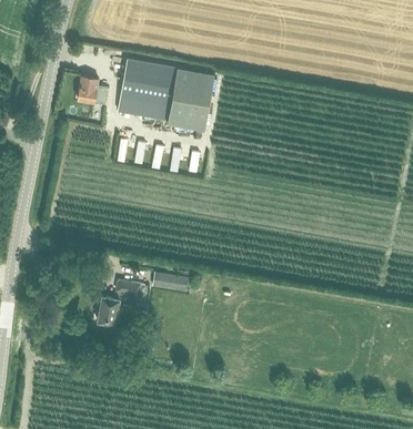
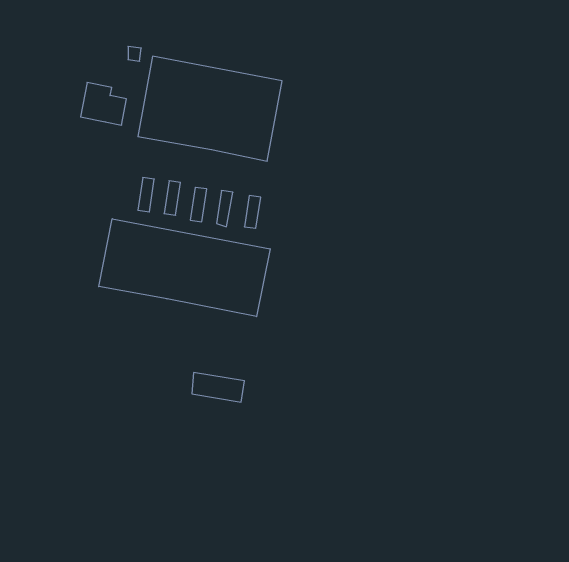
building: none -> [99,219,270,317]
building: [98,279,140,325] -> none

